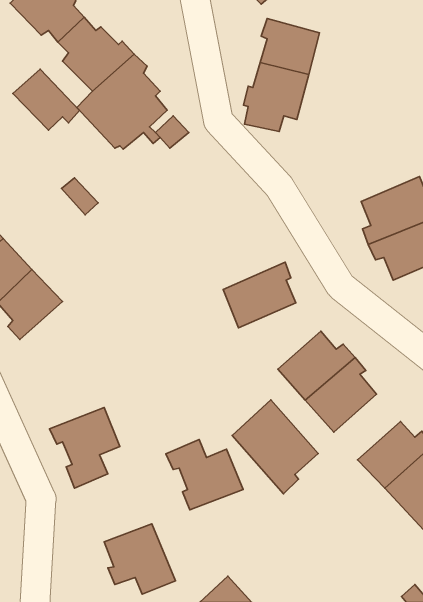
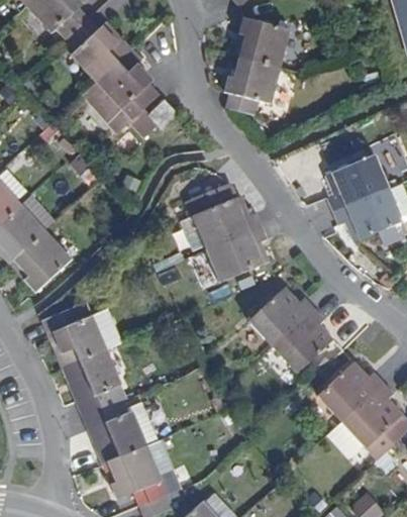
building: [13,69,79,130] -> none
building: none -> [180,184,260,248]
building: none -> [40,307,106,367]
building: [232,400,318,494] -> none
building: [166,440,243,510] -> [81,405,146,464]

